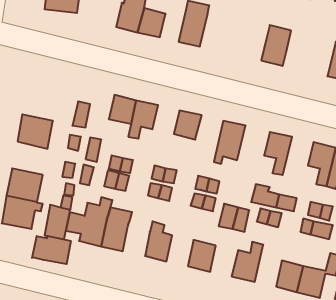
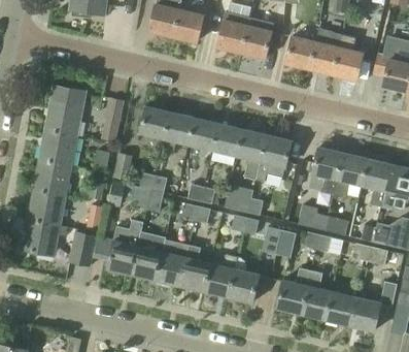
building: none -> [241,18,273,59]
building: none -> [333,35,364,79]
building: none -> [285,37,315,68]
building: none -> [44,84,88,135]
building: none -> [189,118,218,150]
building: none -> [236,129,267,181]
building: none -> [333,153,367,198]
building: none -> [33,158,72,195]
building: none -> [156,251,186,285]
building: none -> [204,256,237,296]
building: [32,236,71,264] -> none
building: none -> [302,273,332,319]

